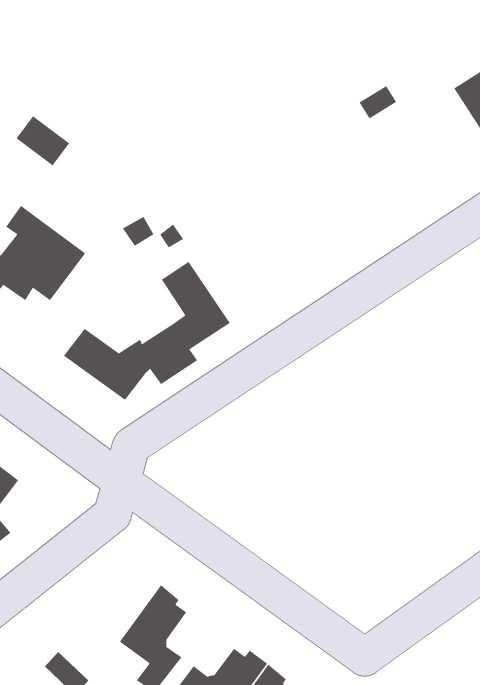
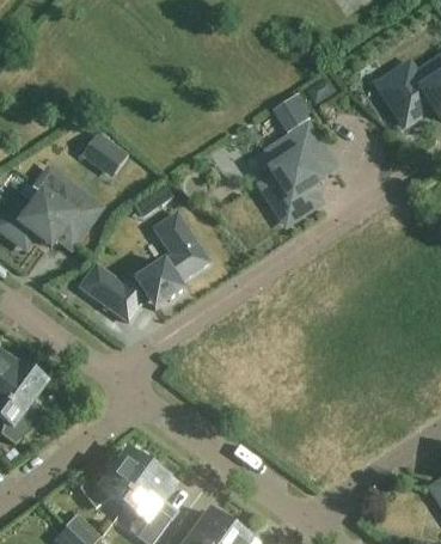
building: none -> [271,91,312,130]
building: [16,115,70,166] -> [85,133,127,172]
building: none -> [262,127,331,221]
building: none -> [79,450,154,507]

